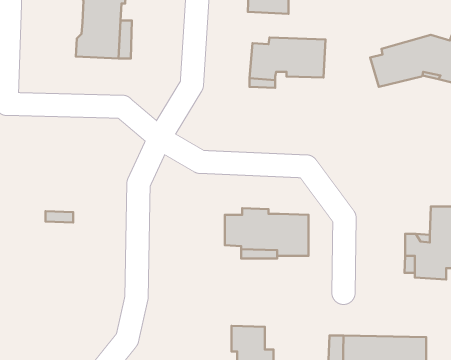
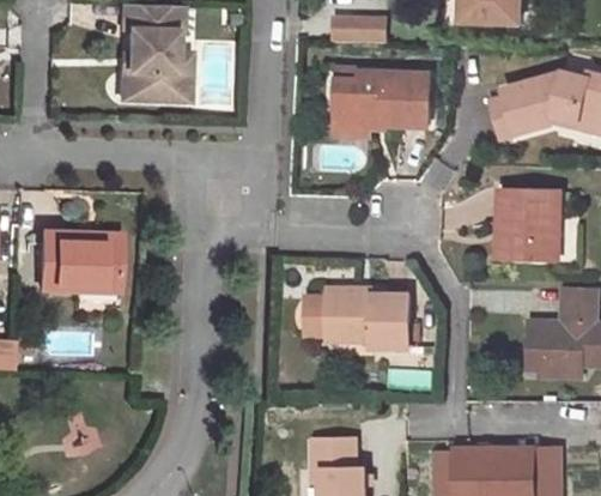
building: none -> [499,189,559,258]
building: none -> [40,231,117,290]

